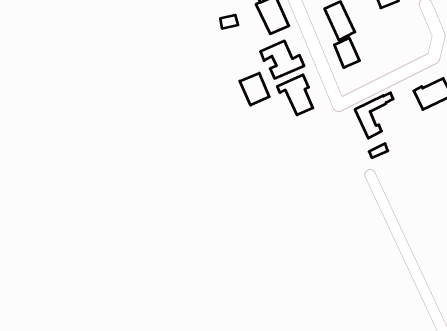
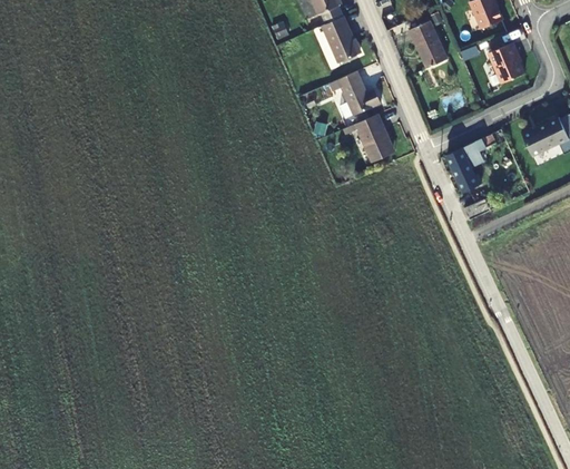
building: none -> [485,43,522,85]
building: [334,38,360,68] -> none
building: [240,73,269,105] -> none

